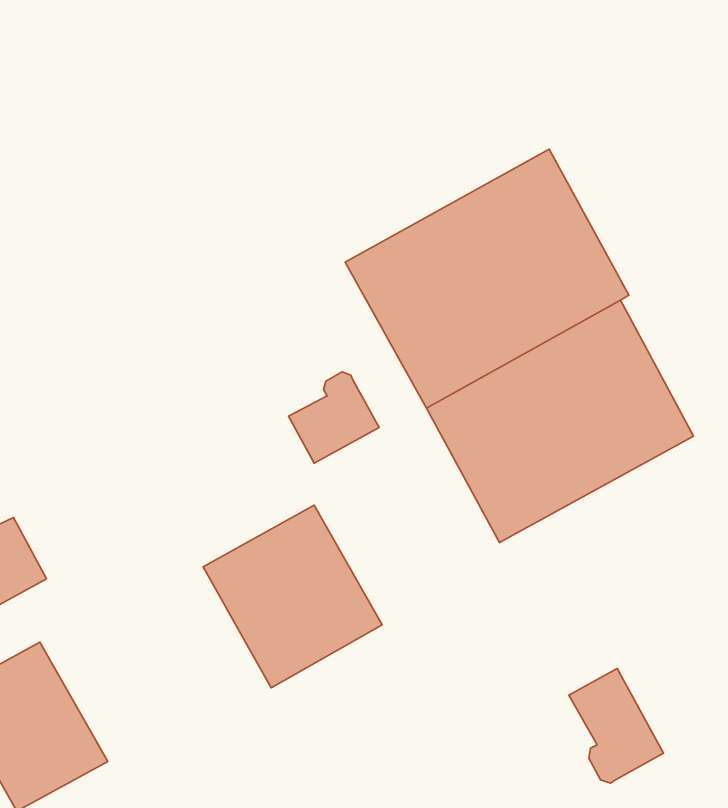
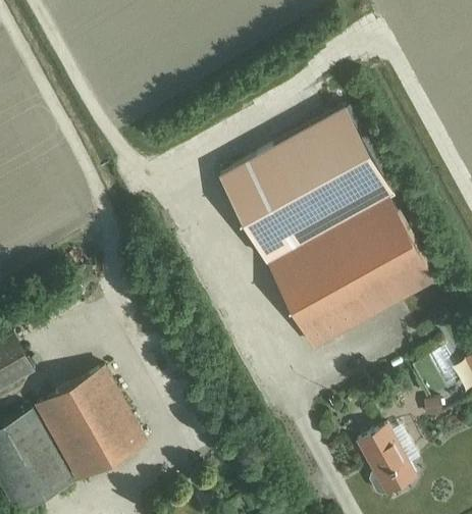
building: [288,372,379,463] -> none
building: [203,505,382,688] -> [36,369,146,481]

